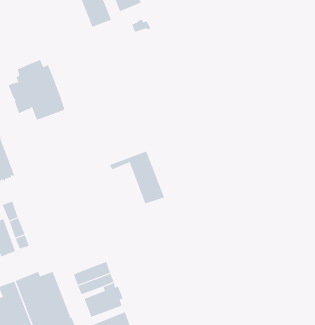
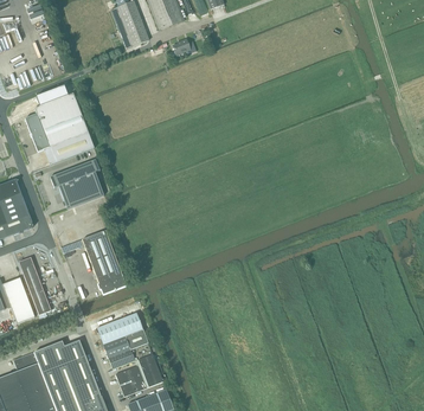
building: none -> [49,159,103,208]
building: [109,151,165,204] -> [59,230,126,294]
building: none -> [96,312,142,343]

